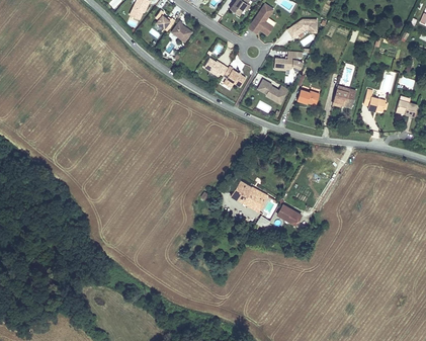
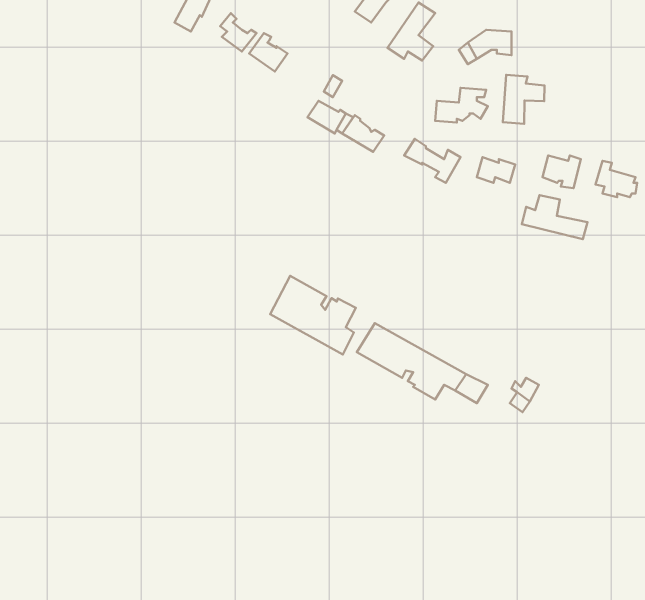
building: none -> [503,75,544,124]
building: none -> [522,195,587,239]
building: none -> [270,276,356,355]

